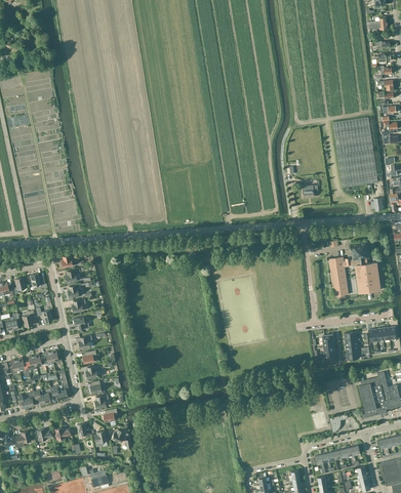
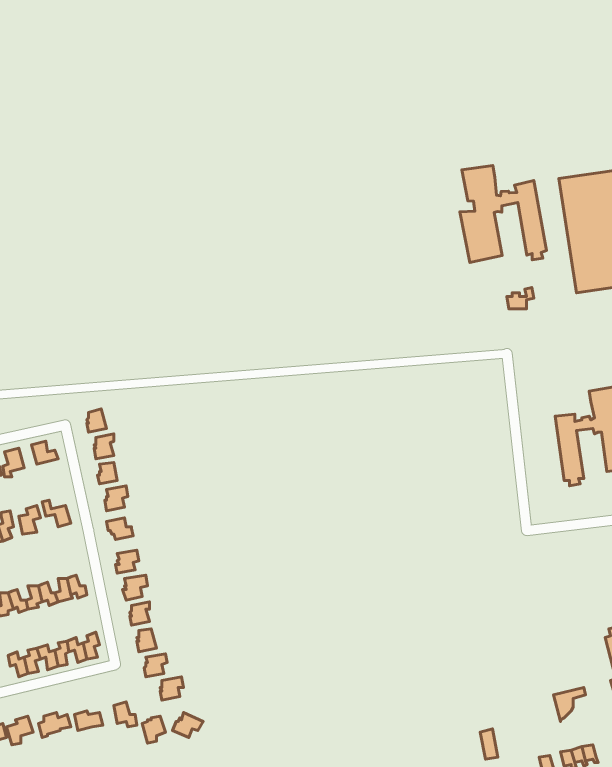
building: none -> [460,165,546,262]

